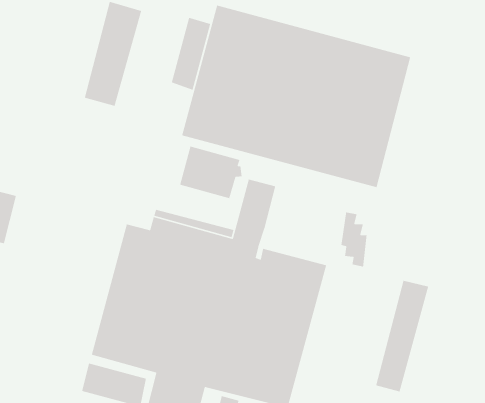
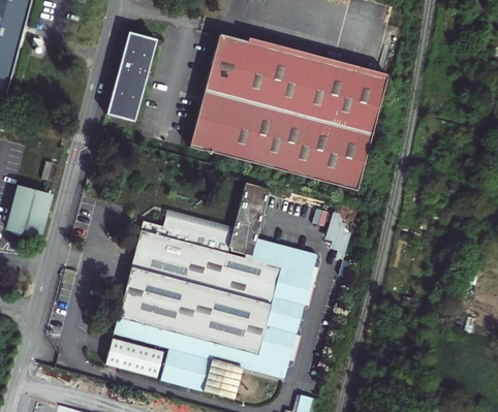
building: [171,17,211,91] -> none
building: [179,145,242,199] -> none
building: [375,280,429,392] -> none

